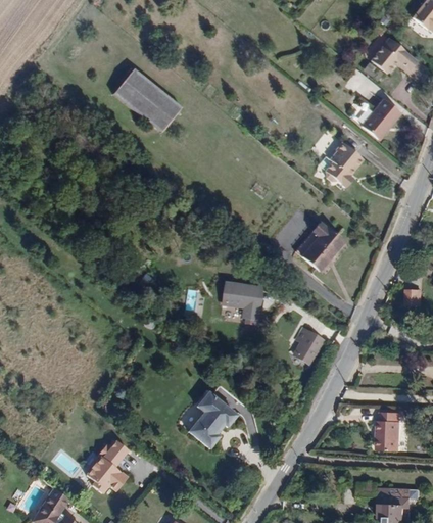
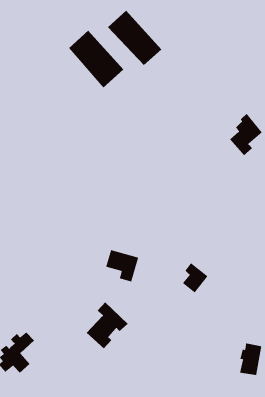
building: none -> [107,10,162,66]
building: [298,225,346,272] -> none
building: [223,280,261,316] -> [105,249,139,283]

